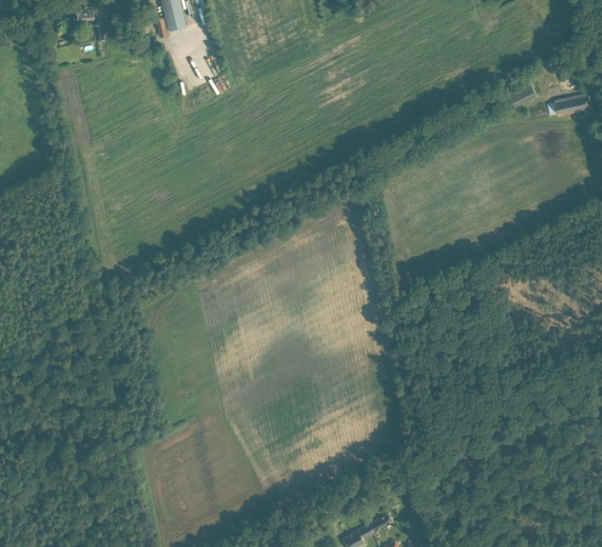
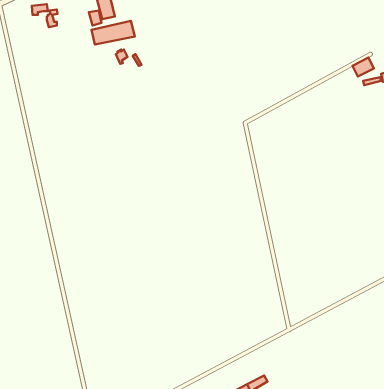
building: none -> [91,21,135,44]

